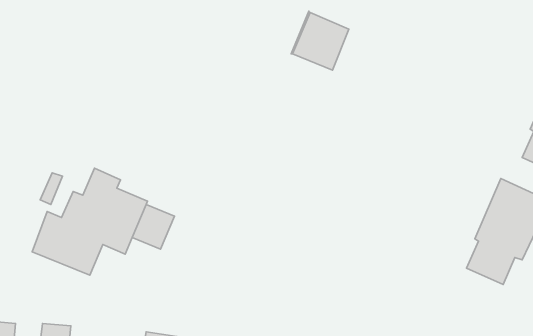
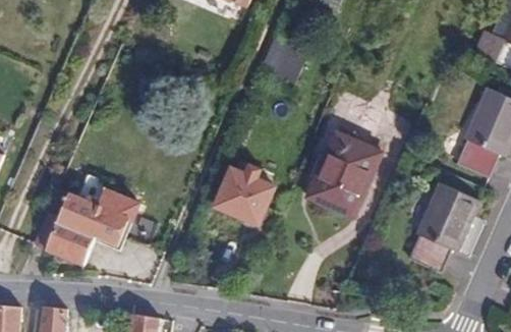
building: none -> [303,127,386,220]
building: none -> [212,163,278,227]

